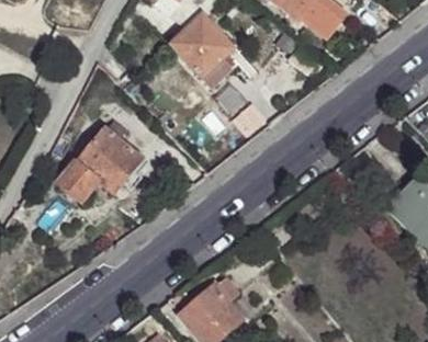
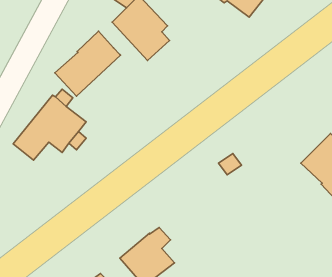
building: none -> [55,31,121,96]

